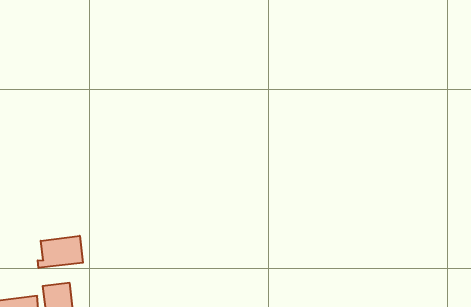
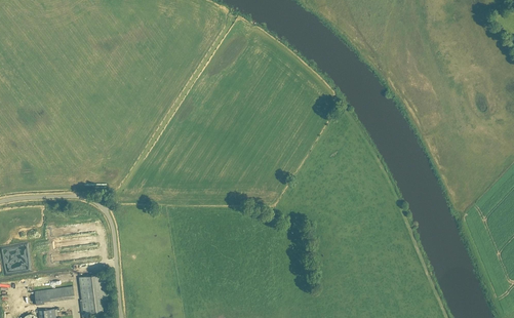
building: [38,236,83,268] -> none

